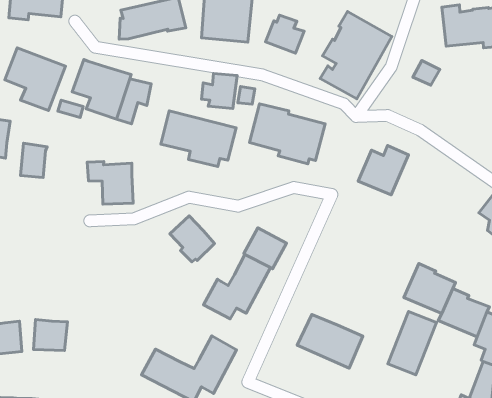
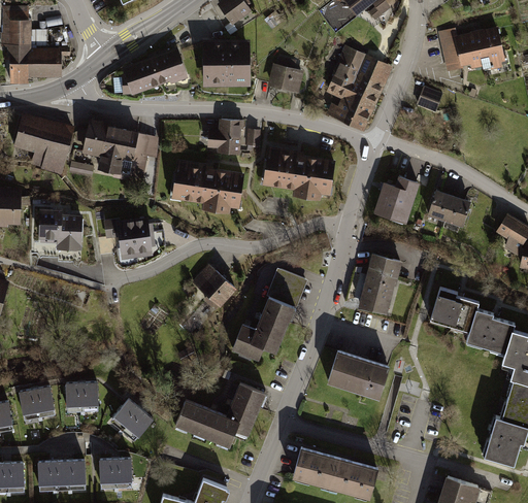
building: none -> [56,213,80,250]
building: none -> [428,190,470,227]
building: [388,312,437,375] -> [360,250,404,312]
building: none -> [110,398,154,441]

